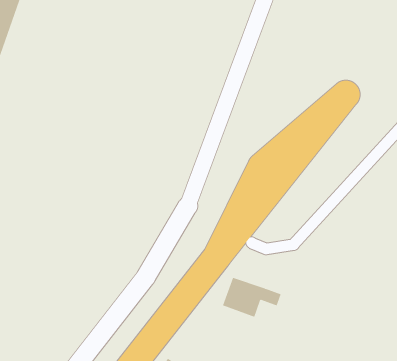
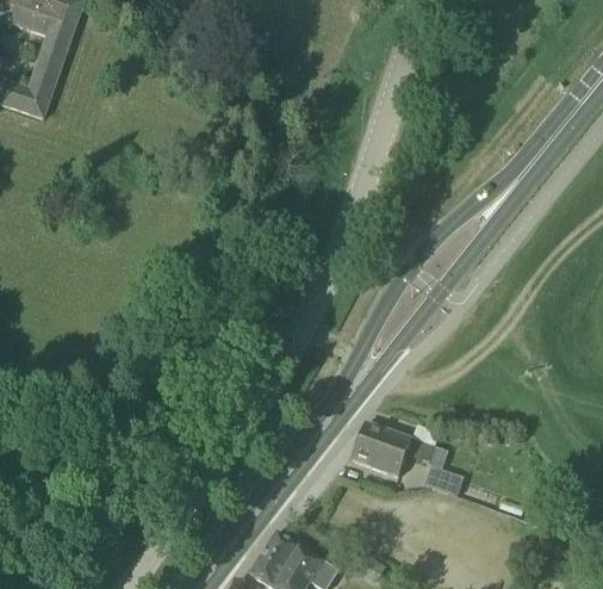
building: none -> [425,465,465,496]

